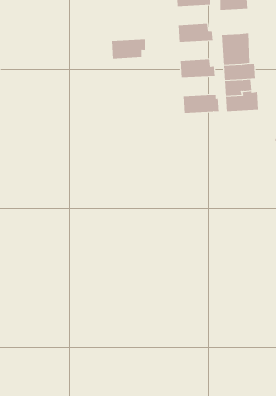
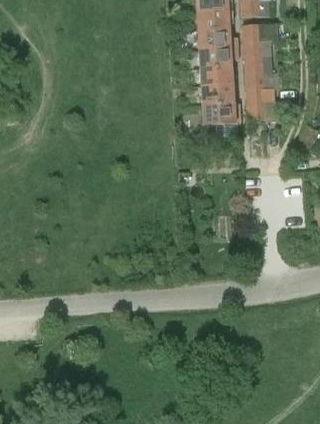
building: none -> [196,10,232,31]
building: none -> [241,22,278,41]
building: [111,39,146,59] -> [198,47,234,68]
building: none -> [200,84,237,105]

